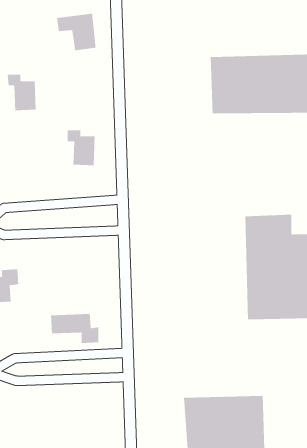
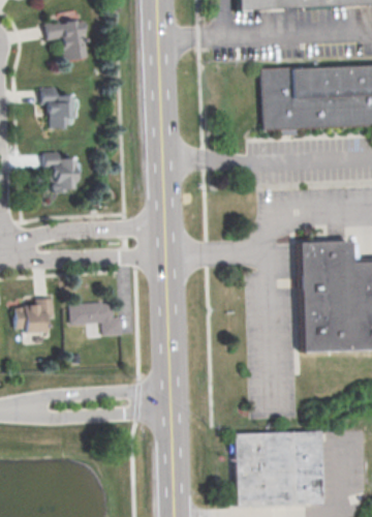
building: [56,13,97,51] -> [48,17,91,58]
building: [67,130,96,166] -> [47,150,78,189]
building: [50,313,99,344] -> [71,300,124,333]

